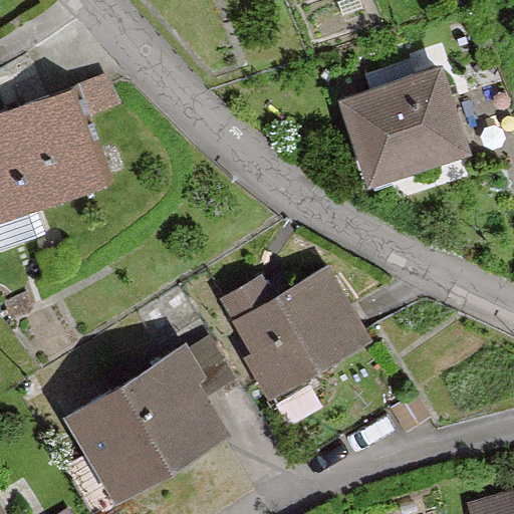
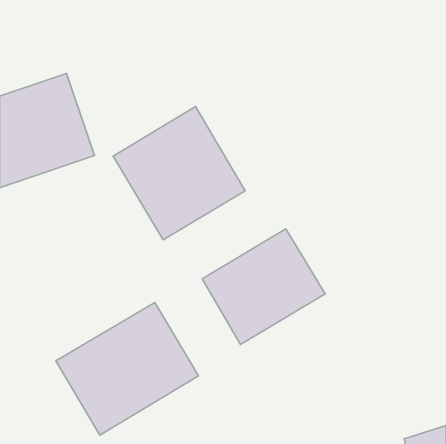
building: [342,70,474,203] -> none
building: none -> [113,106,245,240]

